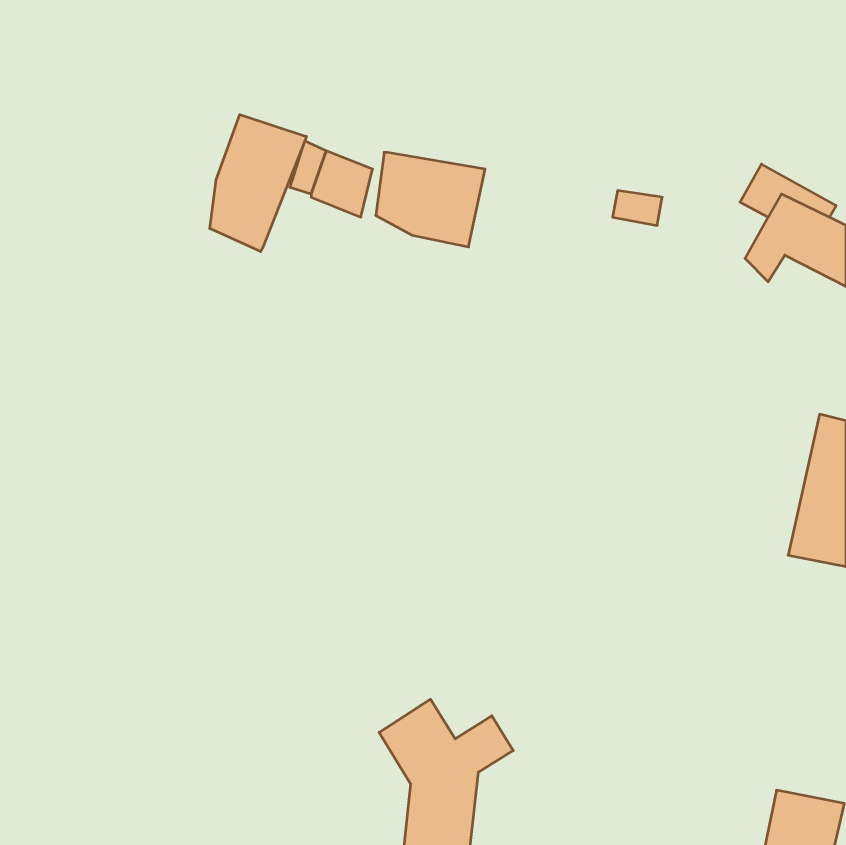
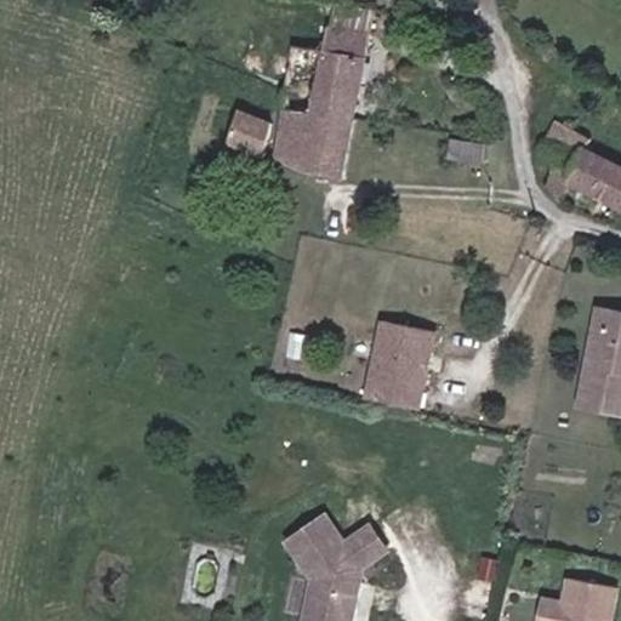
building: none -> [284,25,372,125]
building: [210,115,306,252] -> none
building: none -> [368,320,437,410]

